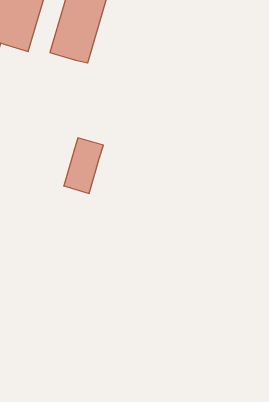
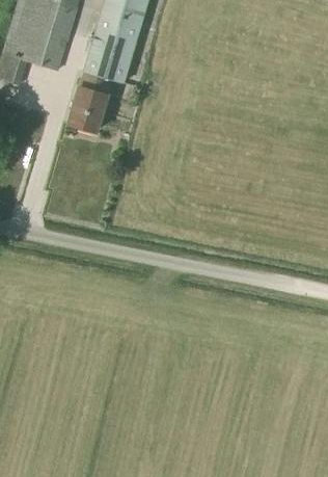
building: [64,138,103,193] -> [67,69,111,130]

